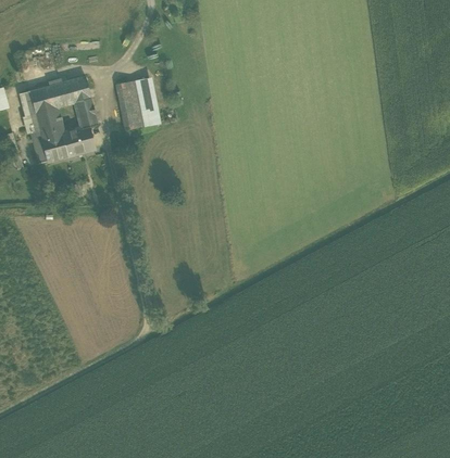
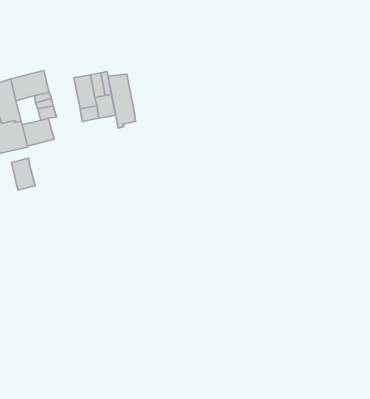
building: none -> [108,74,135,128]
building: none -> [11,158,35,190]

